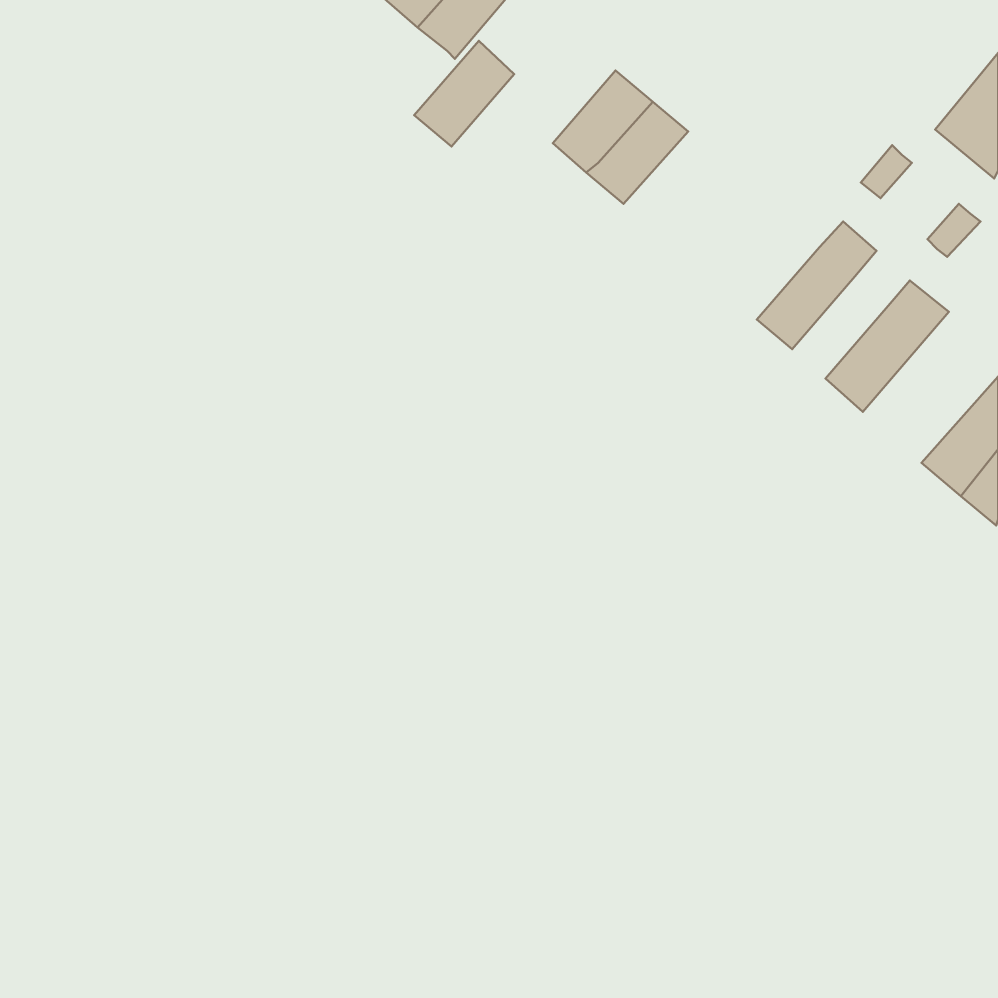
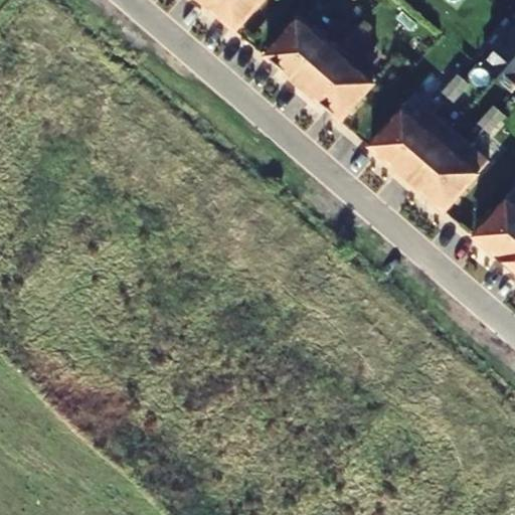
building: [414,41,514,147] -> [265,19,316,73]
building: none -> [320,67,371,121]
building: none -> [369,97,433,164]
building: none -> [406,129,467,194]

